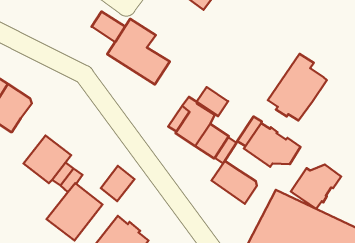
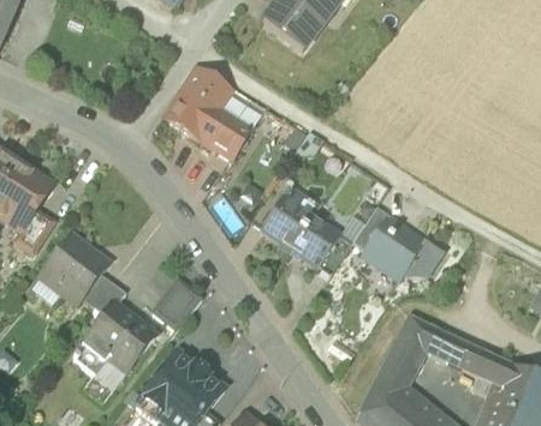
building: [92,11,125,42] -> none
building: [268,54,327,121] -> none
building: [197,87,228,116] -> none
building: none -> [13,209,55,253]
building: [212,161,257,204] -> none
building: [291,165,341,209] -> none

